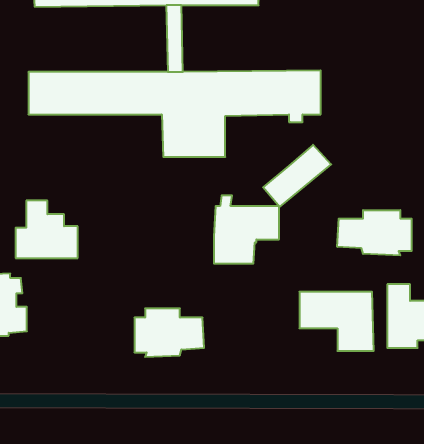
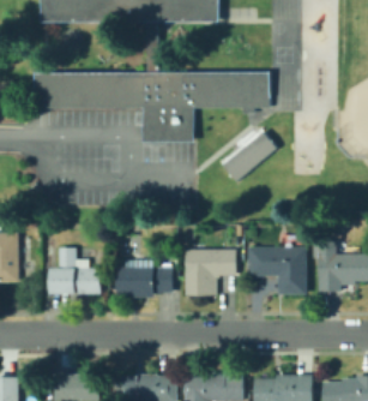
building: [214,195,279,264] -> [185,240,236,294]
building: [16,201,78,258] -> [50,247,99,293]
building: [337,210,412,255] -> none

